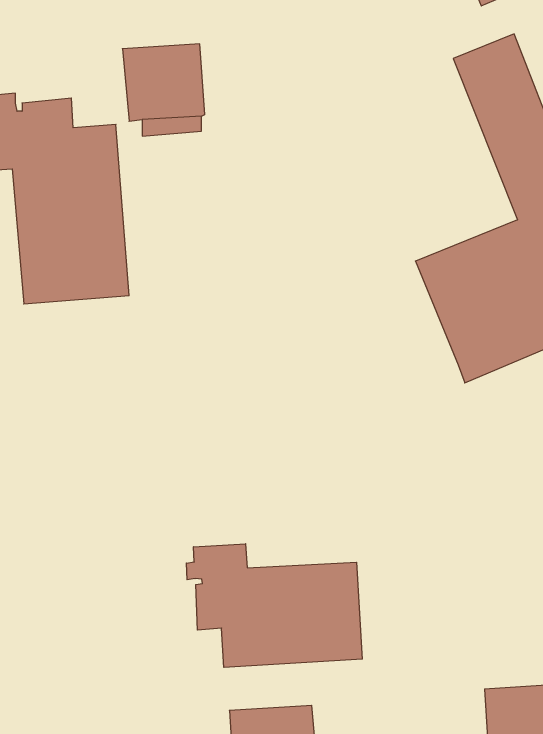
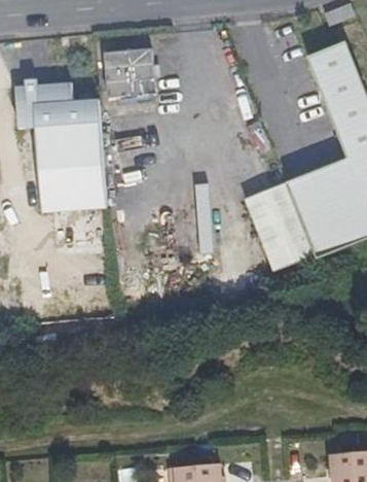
building: none -> [241,179,311,267]
building: [186,544,362,667] -> none

